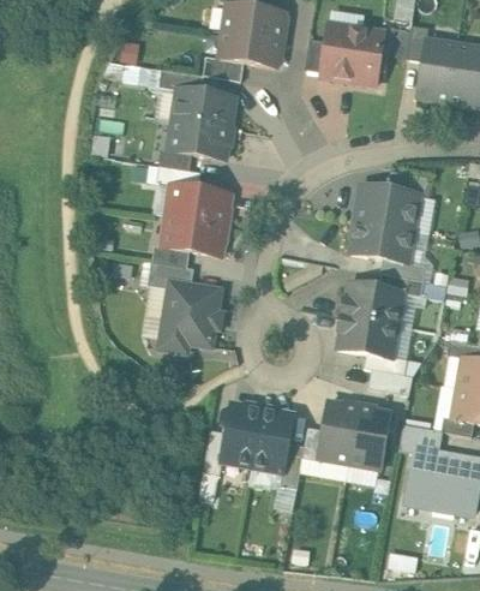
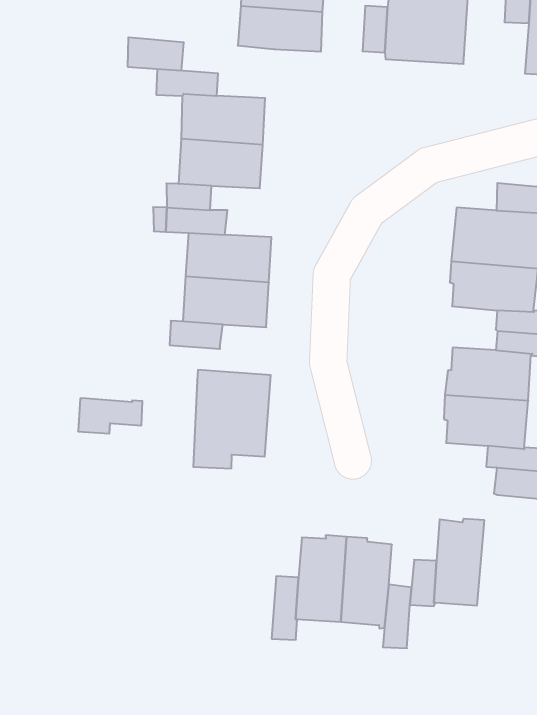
building: [204,54,245,80] -> [128,37,184,70]
building: [148,261,194,287] -> [78,398,142,434]
building: [349,404,390,468] -> none

